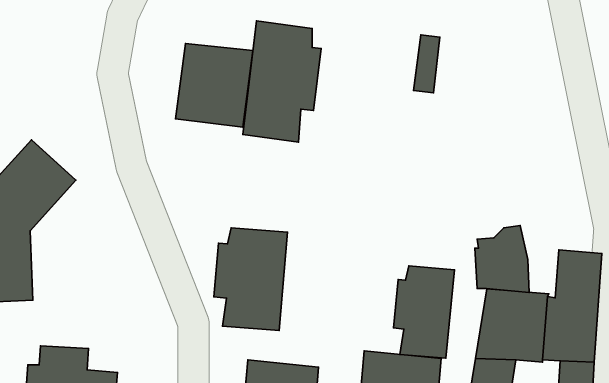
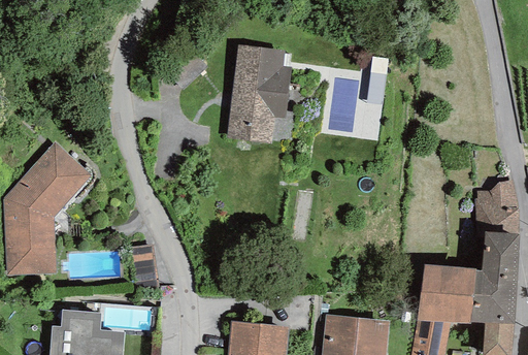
building: [175,44,253,127] -> none
building: [475,225,529,292] -> [475,181,520,235]
building: [214,228,288,331] -> none
building: [393,266,454,358] -> none

